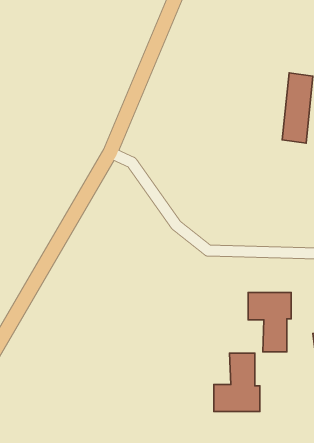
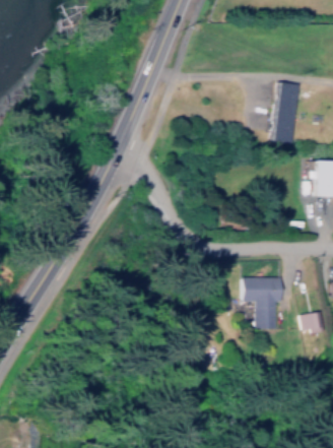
building: [214,353,260,411] -> none

